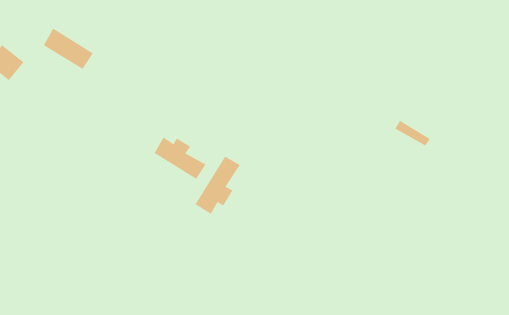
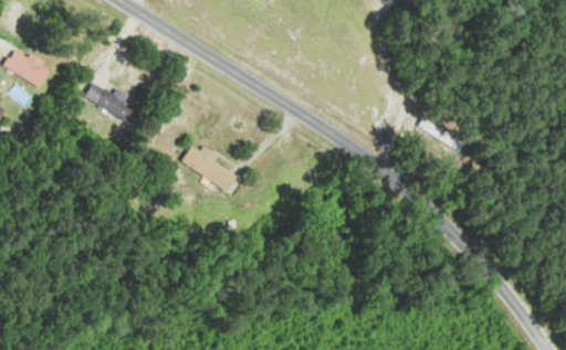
building: [43,28,94,70] -> [85,79,136,121]
building: [195,156,241,215] -> none

